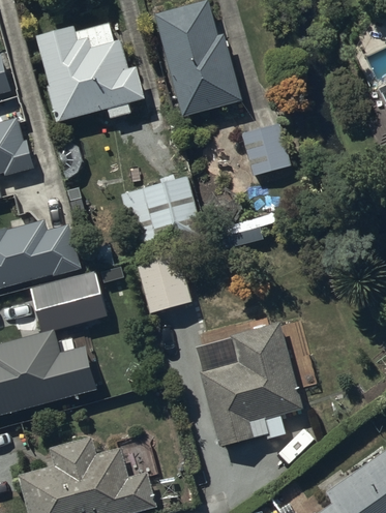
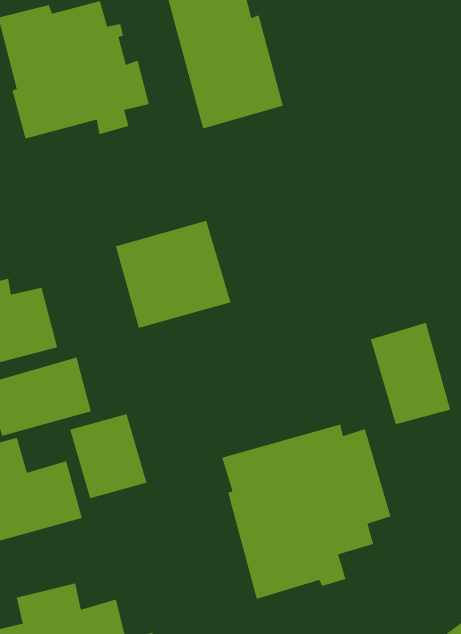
building: [239,122,290,179] -> none
building: none -> [370,322,451,425]
building: [136,250,191,311] -> [69,413,148,499]

